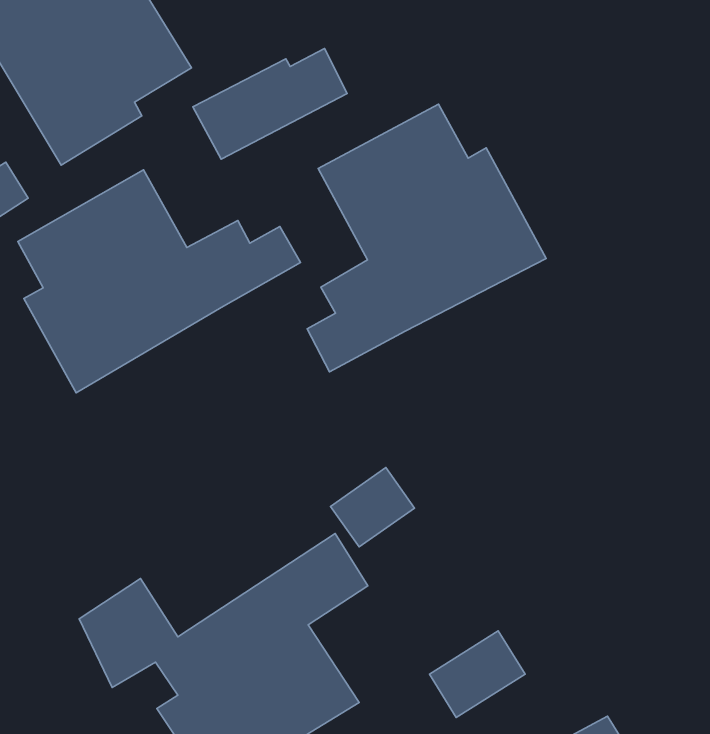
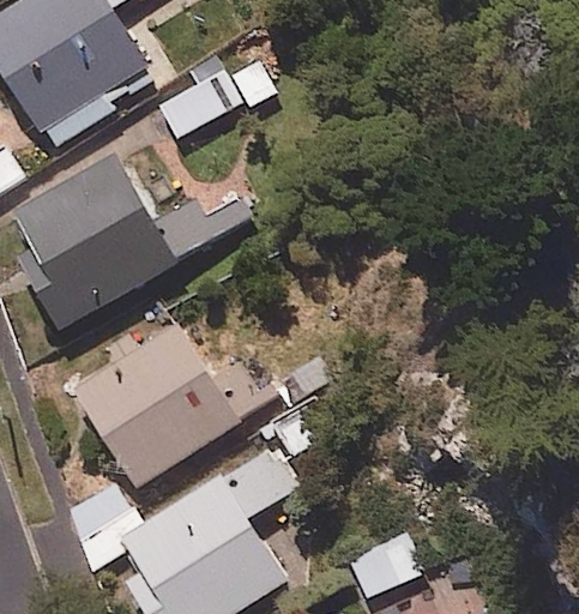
building: [307,104,546,372] -> none
building: none -> [66,314,267,490]

